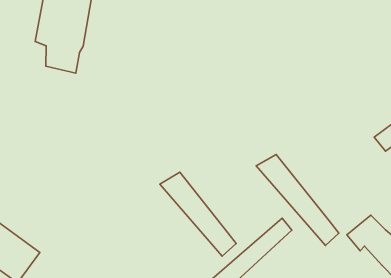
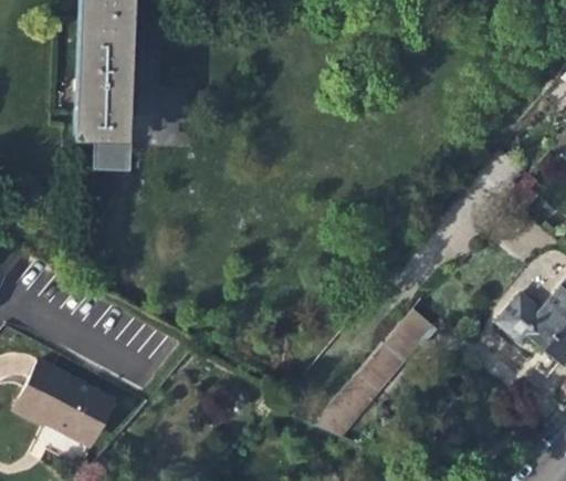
building: [256,154,339,246] -> none
building: [160,172,236,256] -> none

